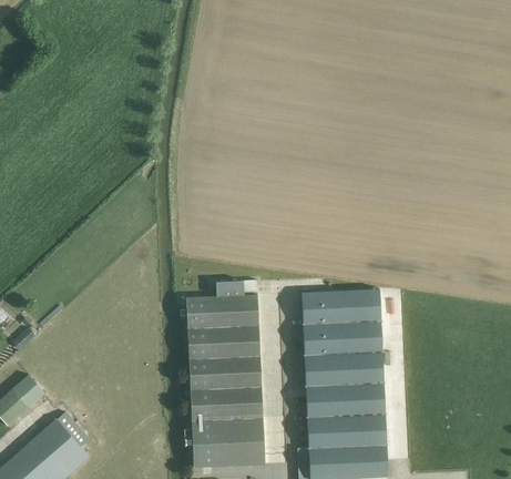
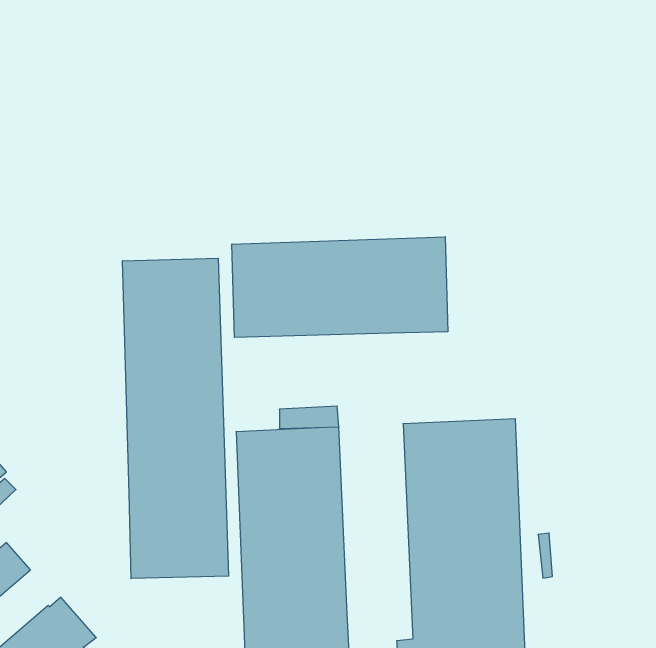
building: none -> [232,237,448,337]
building: none -> [123,258,228,579]

